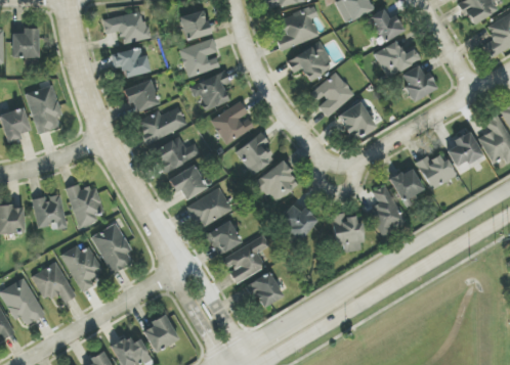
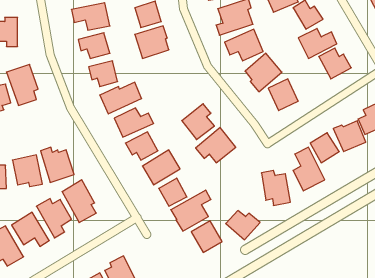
building: [189,71,230,109] -> none
building: [211,100,255,144] -> none
building: [278,204,318,239] -> [226,211,260,240]

